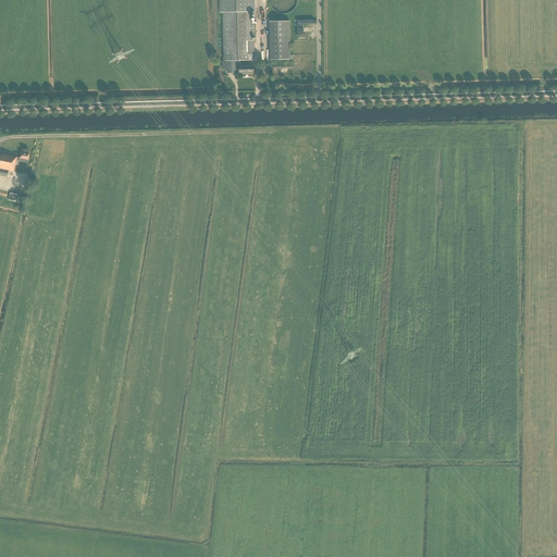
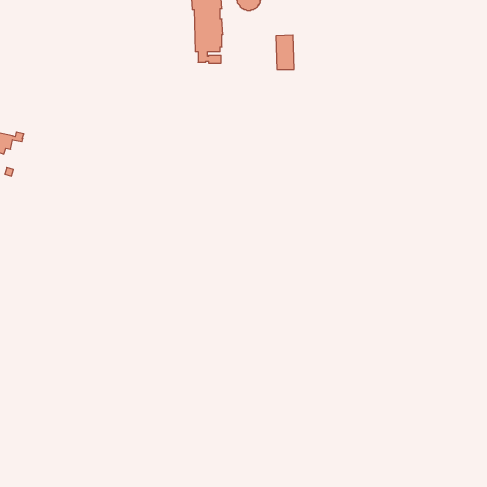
building: [268,18,288,58] -> [276,35,294,69]

